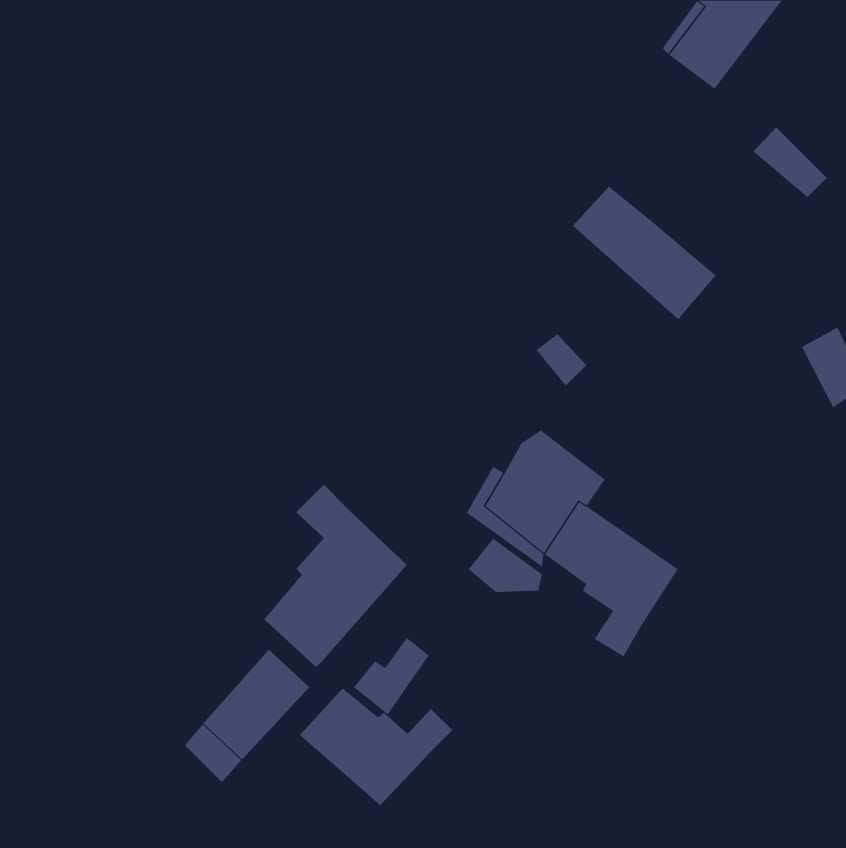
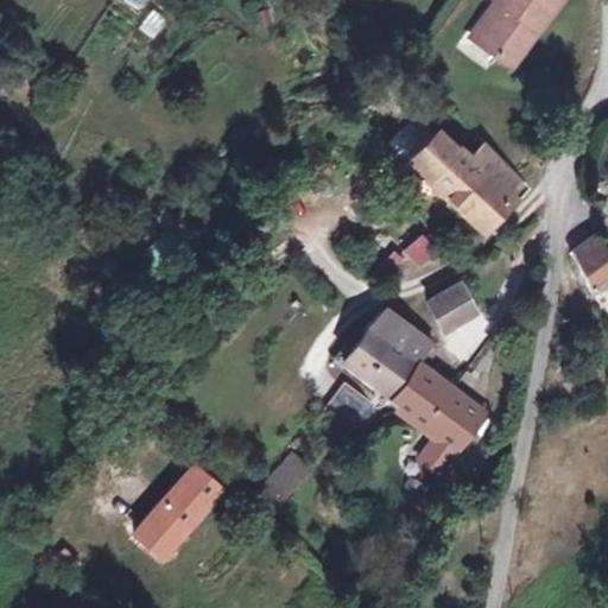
building: [753,126,828,198] -> [468,140,521,191]
building: none -> [429,284,476,332]
building: [263,484,408,668] -> none
building: [299,687,453,806] -> none

